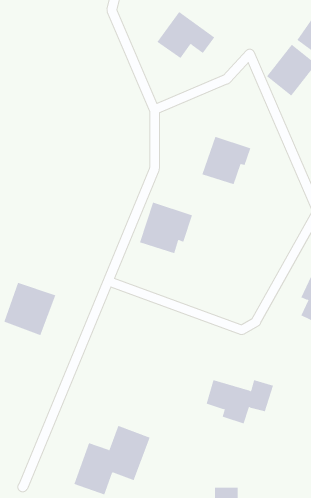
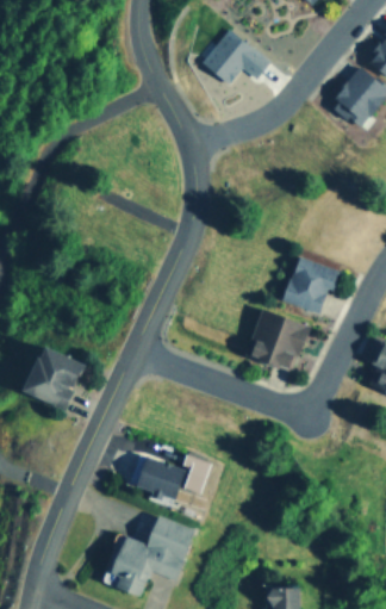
building: [202,136,251,185] -> [282,256,341,313]
building: [139,202,193,254] -> [247,310,310,371]
building: [206,379,274,424] -> [131,455,211,508]

